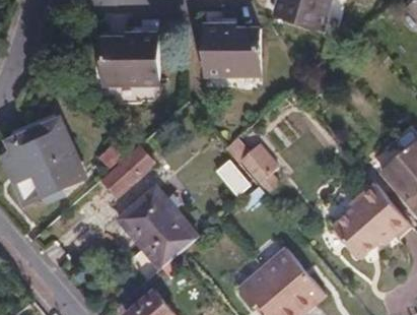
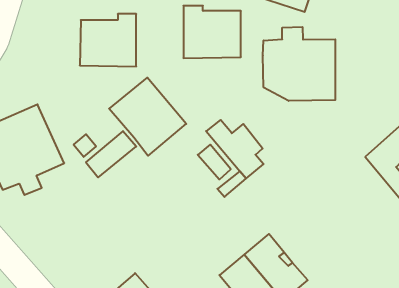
building: none -> [263,27,335,101]
building: [331,185,407,259] -> none
building: [121,186,197,263] -> [109,78,186,156]

